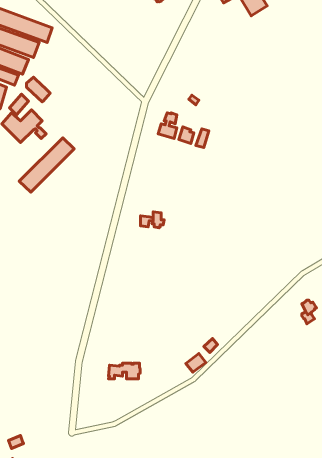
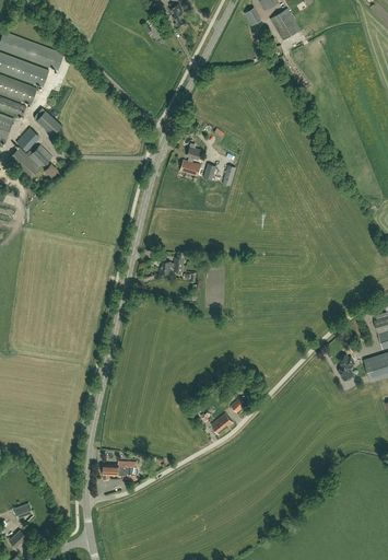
building: [19,138,74,192] -> none
building: [109,363,140,379] -> [103,462,138,479]

